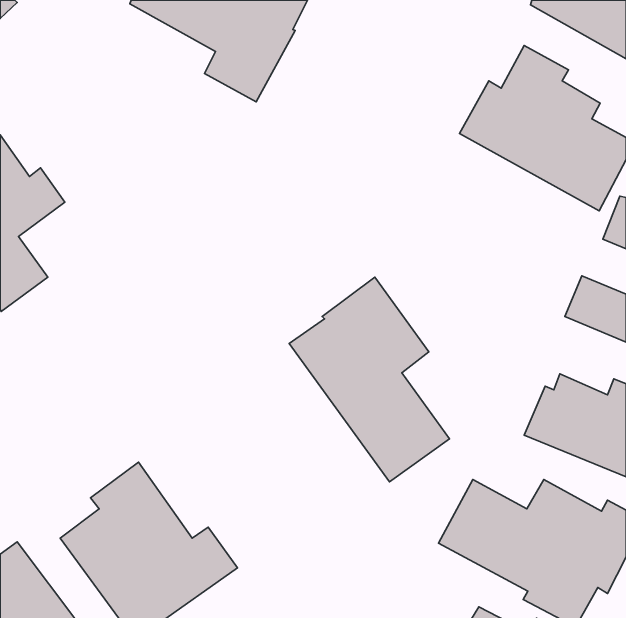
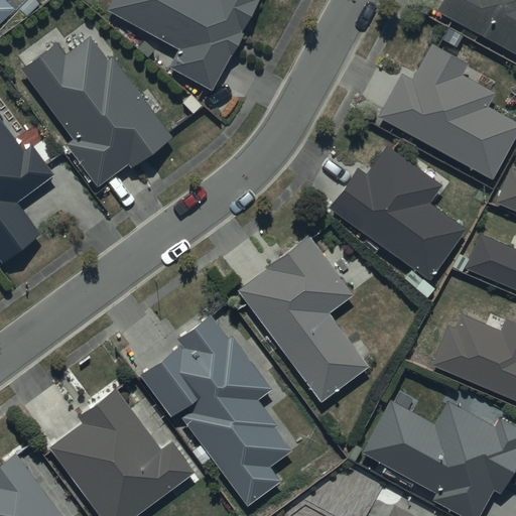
building: none -> [19,37,170,187]
building: none -> [328,146,465,281]
building: none -> [141,315,290,507]

